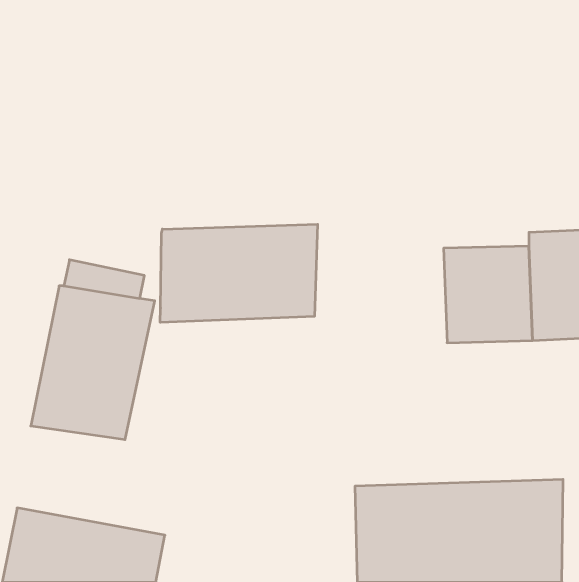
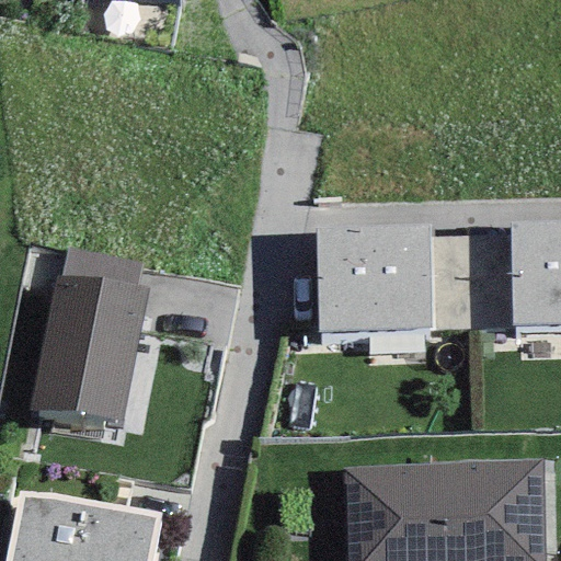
building: [160,224,318,322] -> none
building: none -> [317,226,433,334]

